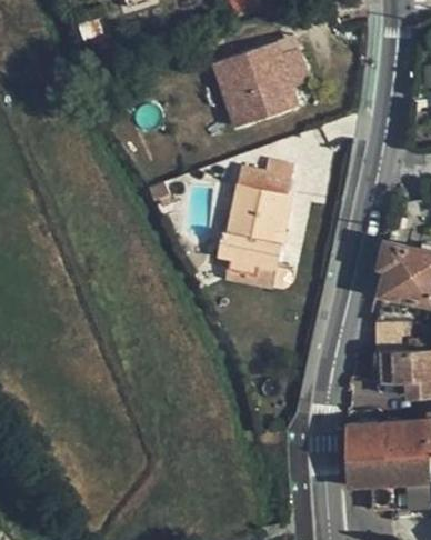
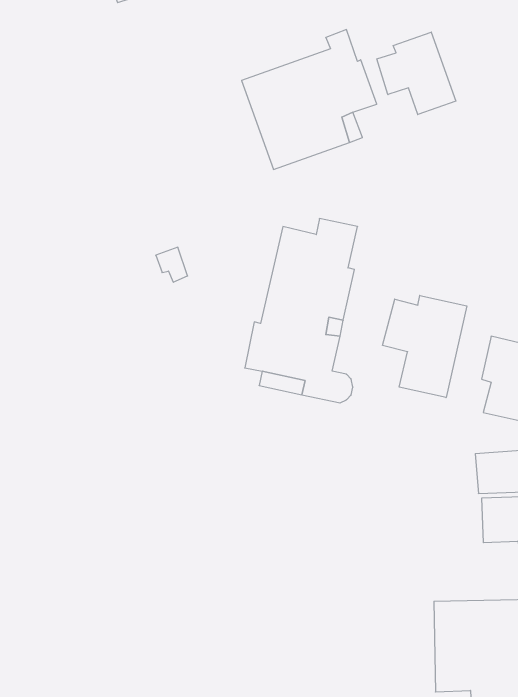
building: none -> [377,32,456,115]
building: none -> [383,295,467,398]

